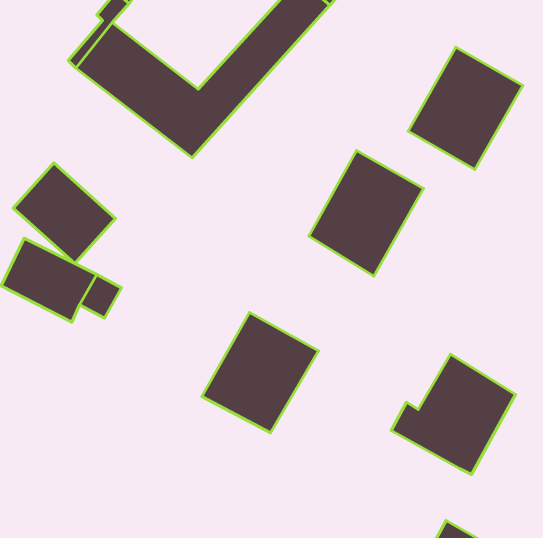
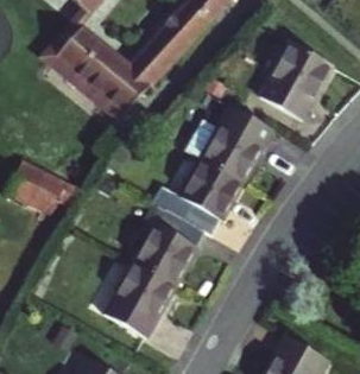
building: [13,163,115,264] -> none
building: [391,354,515,475] -> [163,160,240,235]
building: none -> [103,260,176,336]

